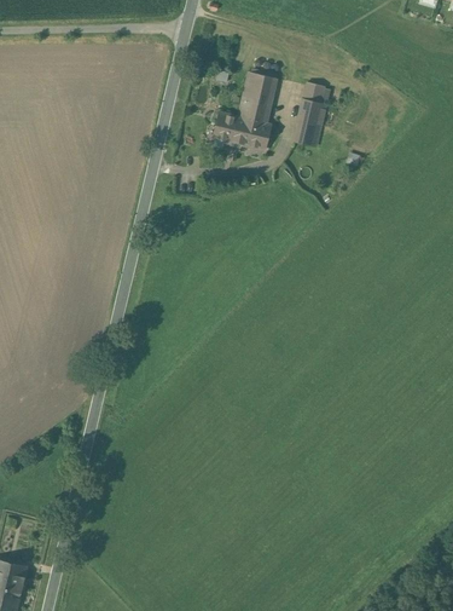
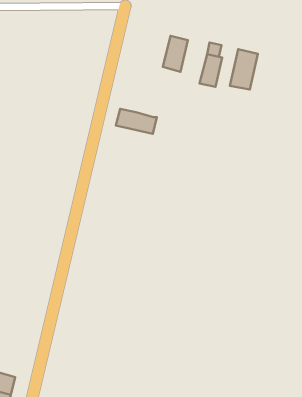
building: none -> [230,49,258,90]
building: [210,113,269,149] -> [116,109,157,134]

